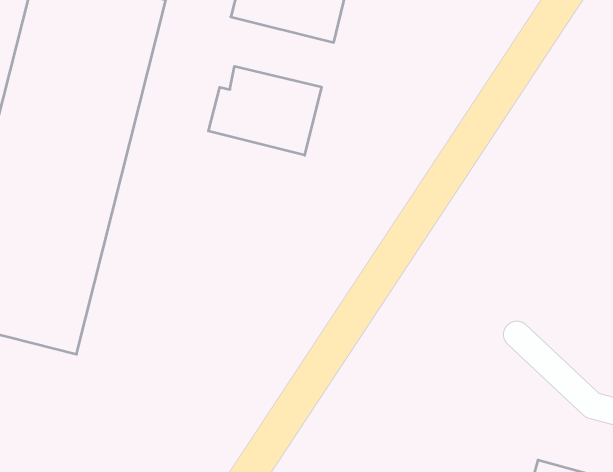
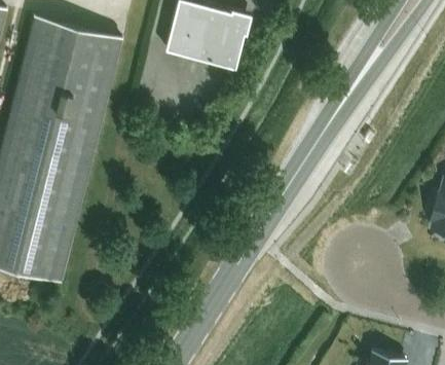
building: [208,66,321,155] -> none

